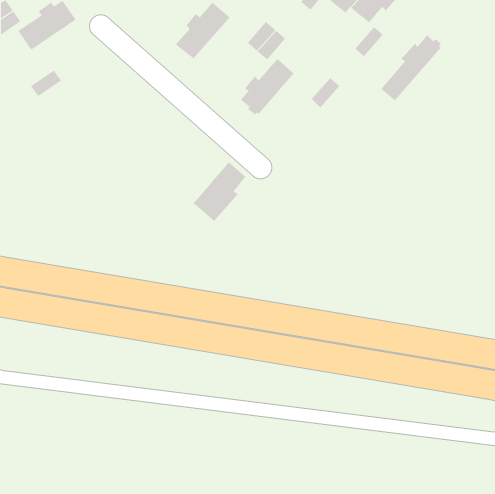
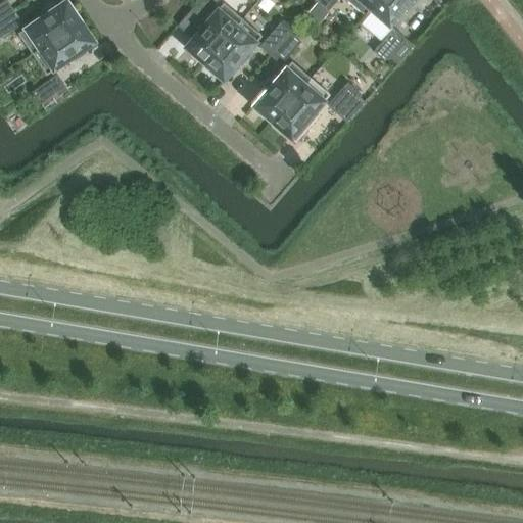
building: none -> [204,18,262,79]
building: none -> [33,20,95,75]
building: [380,35,442,101] -> none
building: [193,161,246,221] -> [273,78,329,141]

